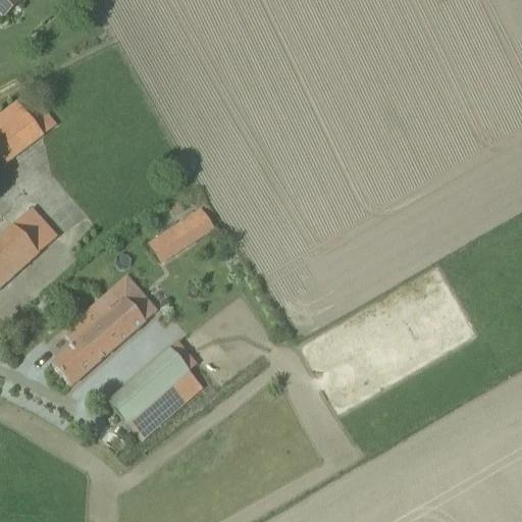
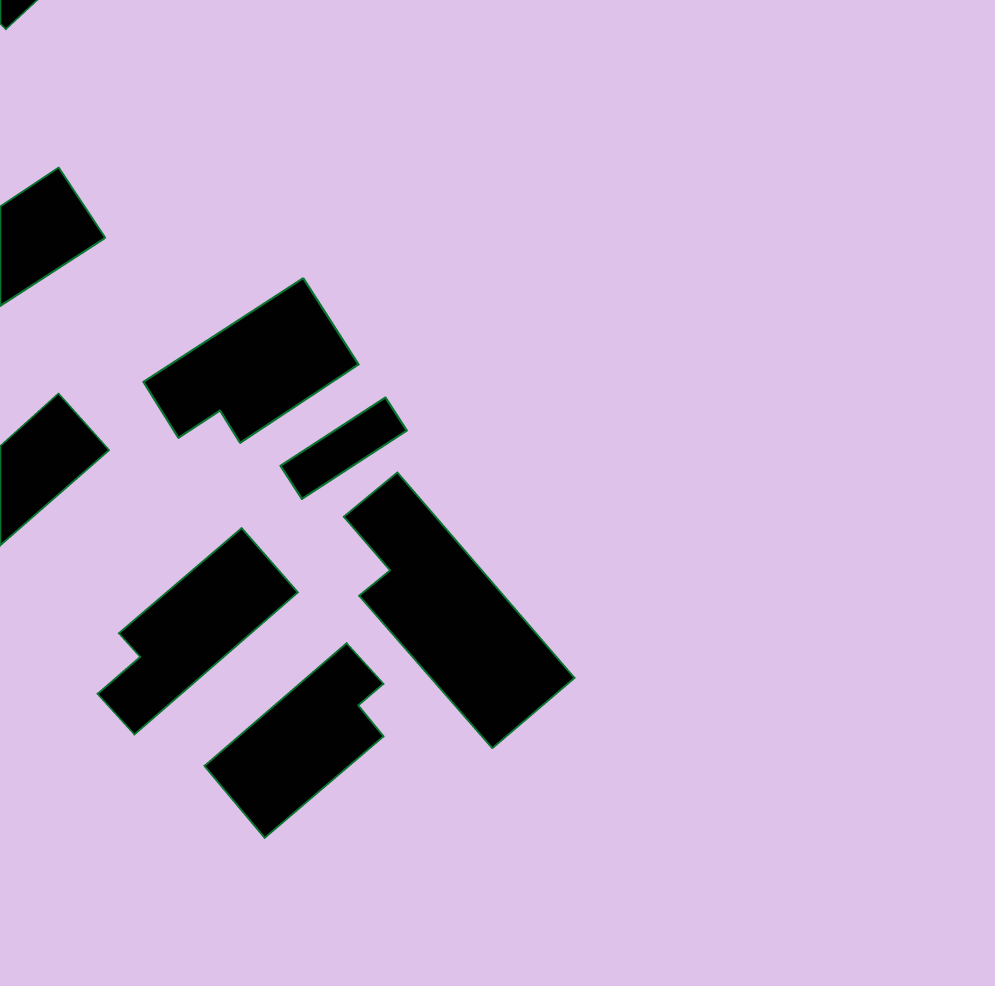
building: none -> [143,278,359,443]
building: none -> [344,472,575,748]

